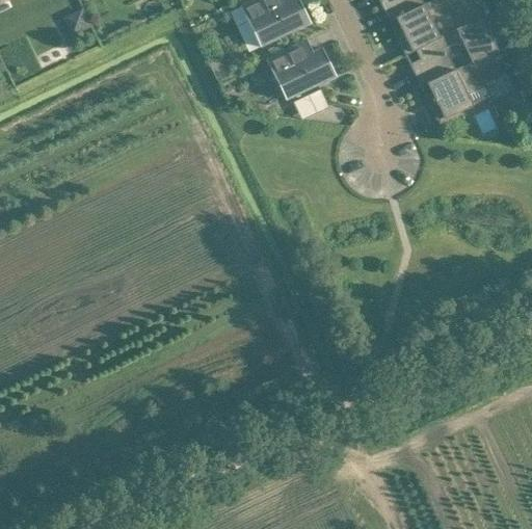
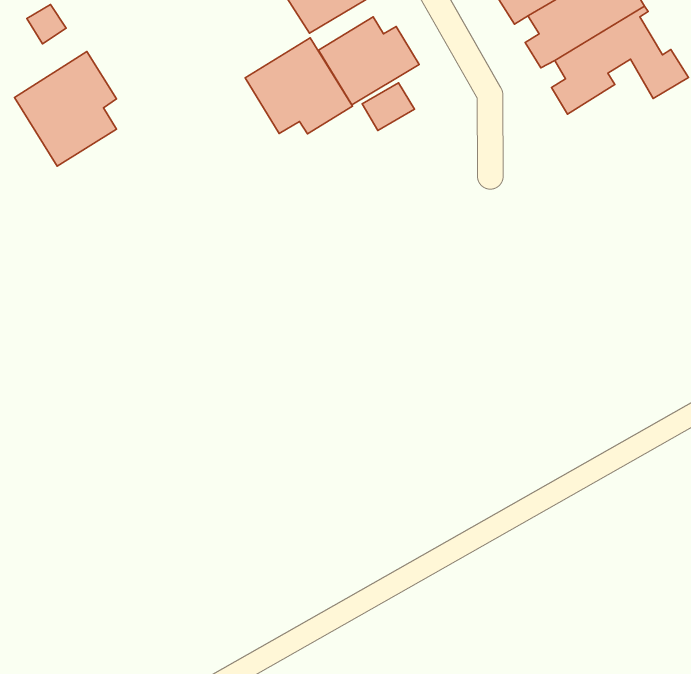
building: none -> [14,51,117,166]
building: none -> [245,38,353,134]

